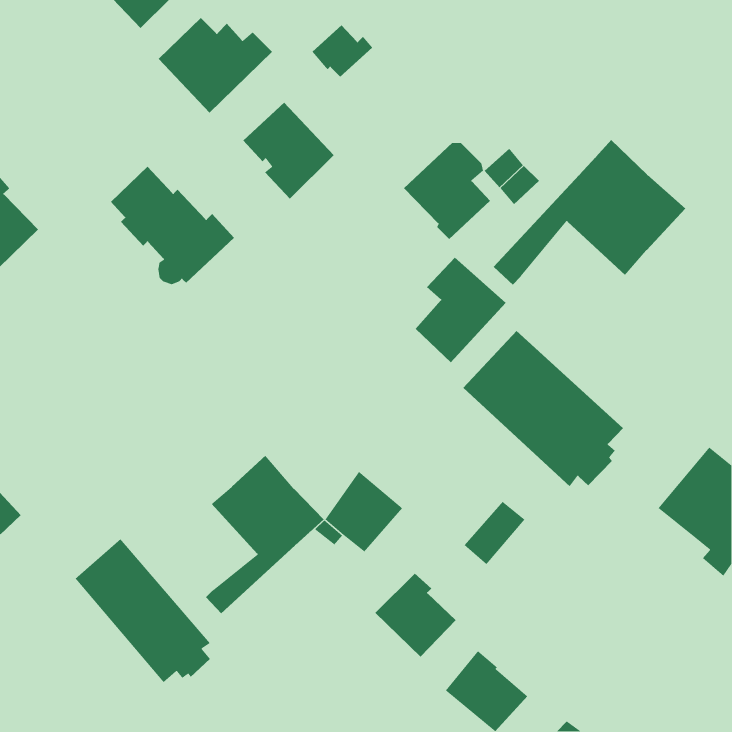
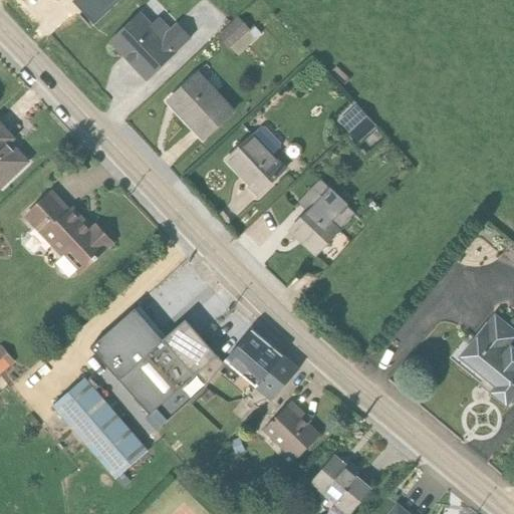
building: [493,139,686,285] -> none
building: [403,142,491,240] -> [225,126,286,195]
building: [110,166,235,285] -> [24,192,111,275]
building: [463,330,624,487] -> none
building: none -> [90,309,180,413]
building: [464,501,525,565] -> [255,355,298,401]

